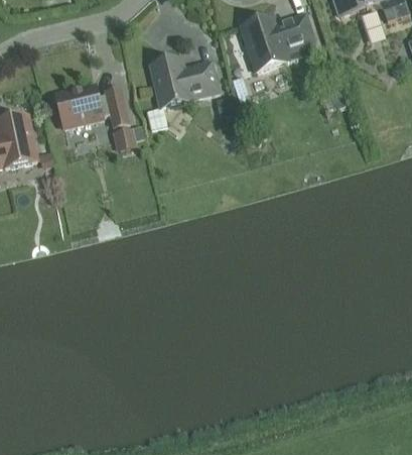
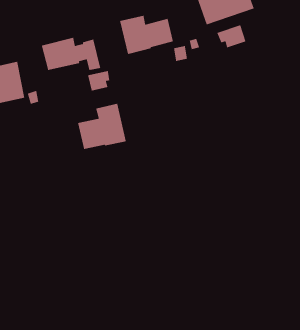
building: none -> [216,24,247,49]
building: none -> [77,103,127,150]

